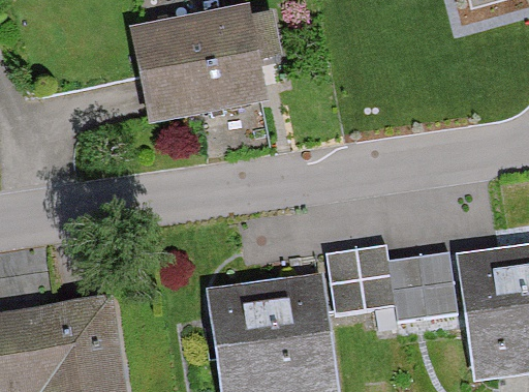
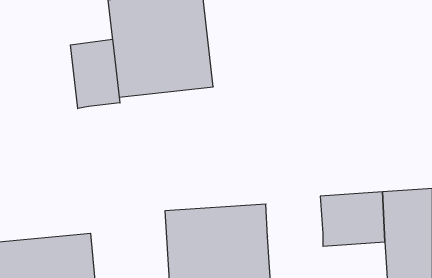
building: none -> [70,39,120,109]
building: [328,249,397,305] -> none

